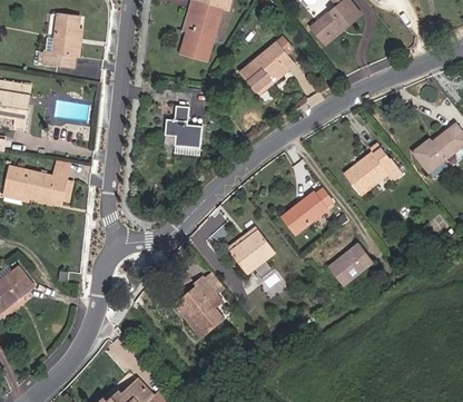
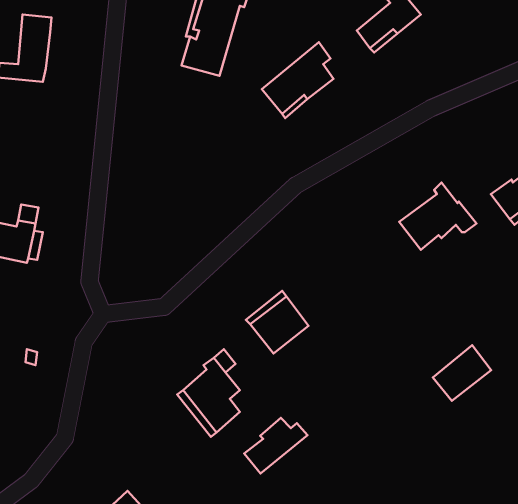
building: [164,106,201,147] -> none
building: [282,188,332,234] -> none
building: [328,243,373,285] -> [433,345,491,401]
building: none -> [244,418,308,474]

